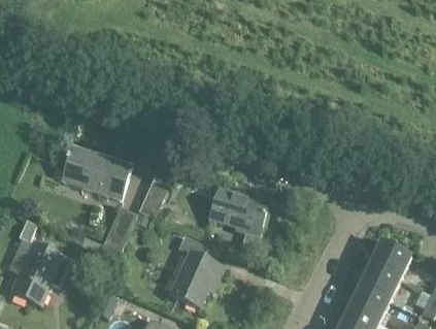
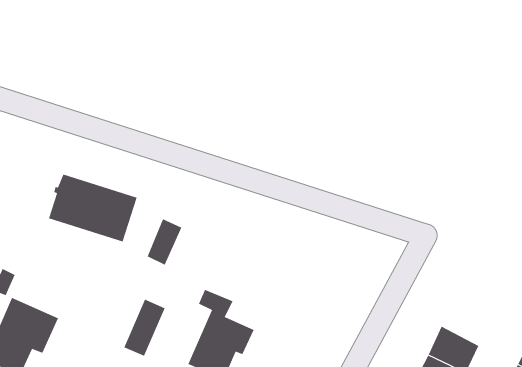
building: [206,187,267,252] -> none
building: [102,206,135,252] -> [123,299,166,357]
building: [369,243,410,281] -> none

